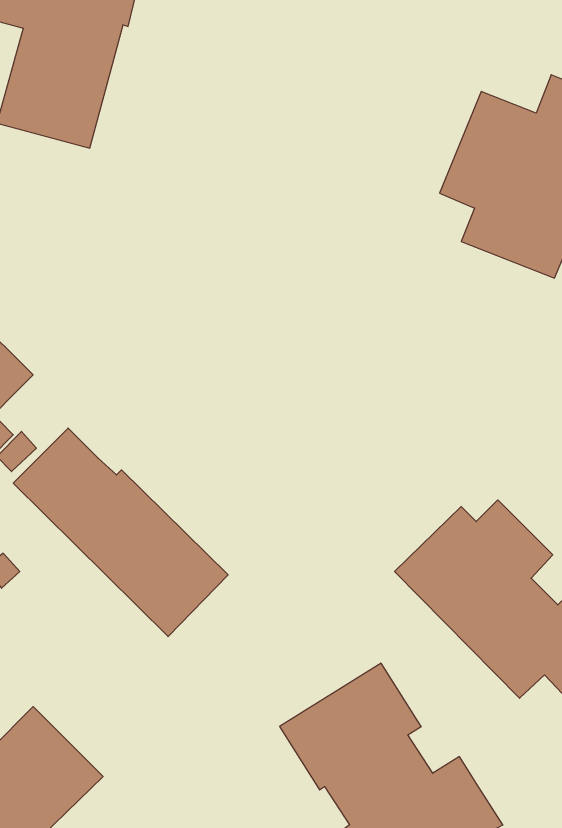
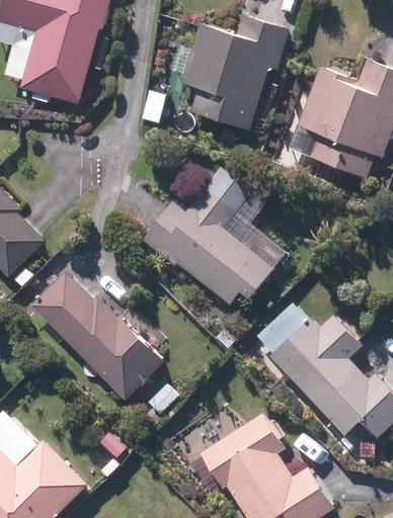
building: none -> [176,18,285,134]
building: none -> [137,167,272,310]

